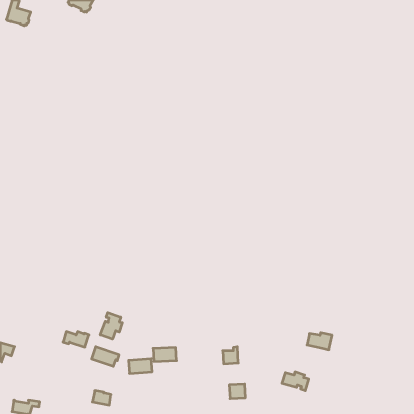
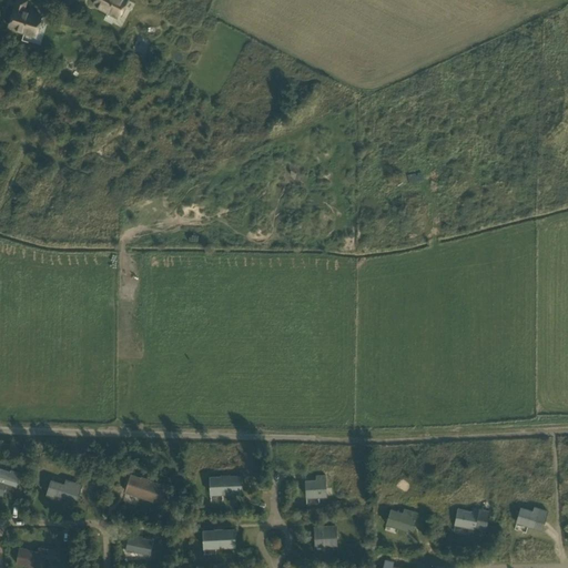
building: [100,313,122,339] -> none
building: [63,332,89,347] -> [47,480,82,501]
building: [307,333,332,350] -> [455,508,489,531]
building: [129,359,152,373] -> [203,529,235,549]
building: none -> [516,507,548,530]

